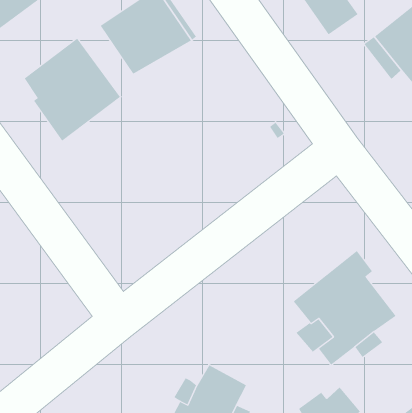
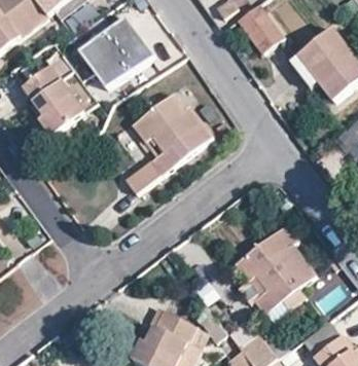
building: none -> [126,97,211,193]

